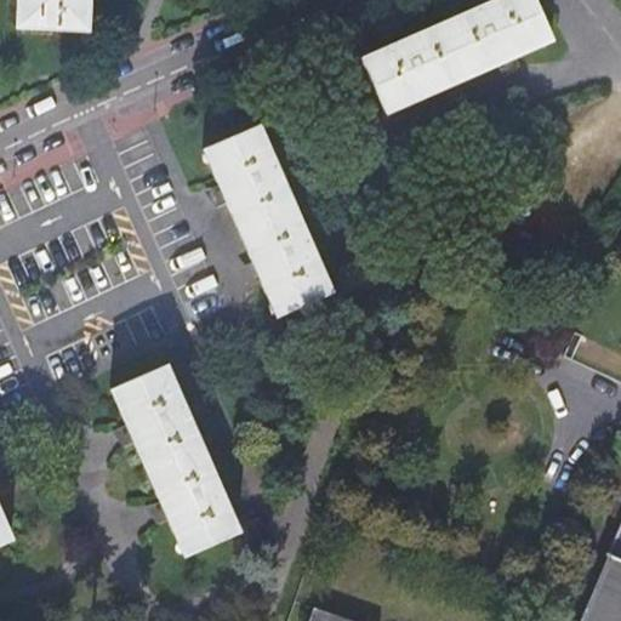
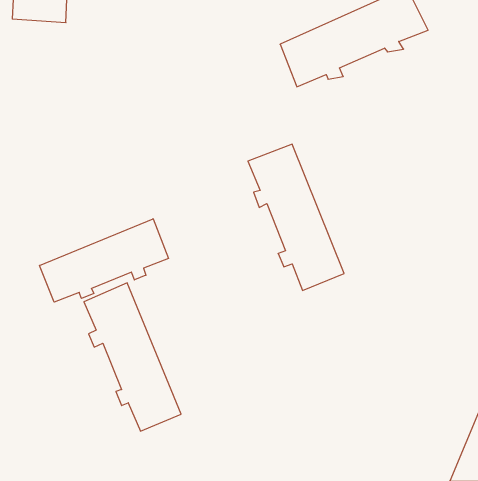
building: [206,127,330,315] -> [248,144,344,290]
building: none -> [40,219,168,302]

